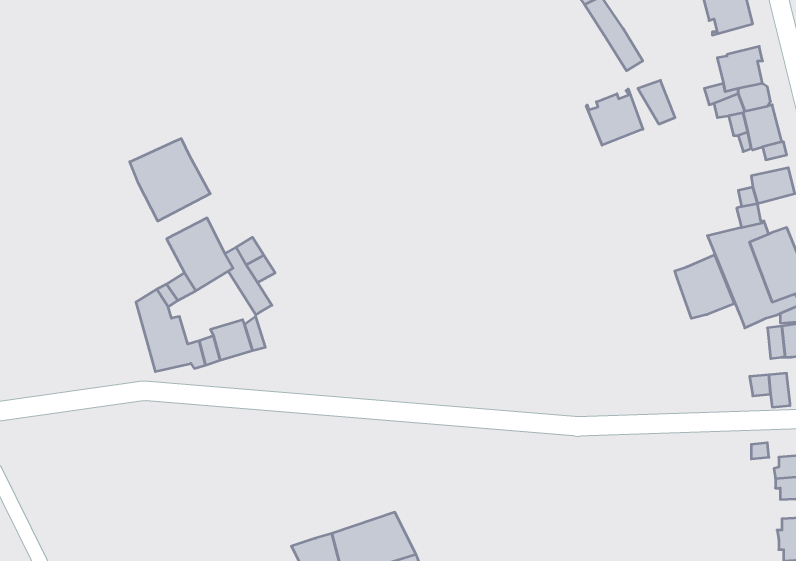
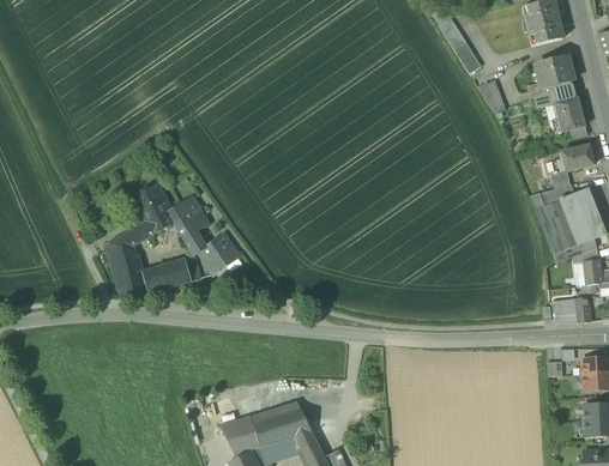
building: [586,89,643,145] -> none
building: [130,139,210,221] -> none
building: [675,255,734,318] -> none
building: none -> [199,232,240,273]

